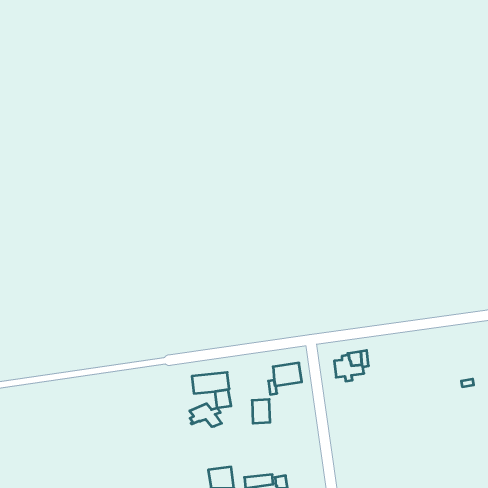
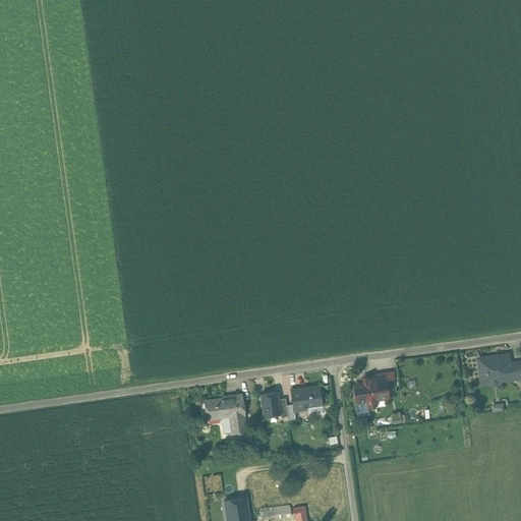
building: none -> [478,355,515,386]
building: [252,399,270,423] -> [262,391,281,416]
building: [190,404,222,427] -> none

